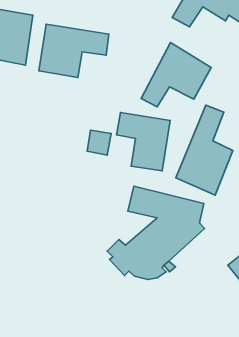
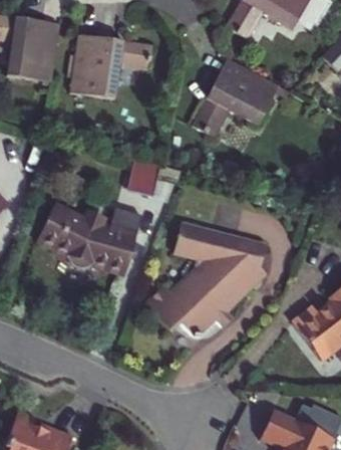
building: [176,105,233,195] -> none
building: [116,113,170,171] -> none
building: none -> [38,207,141,275]

